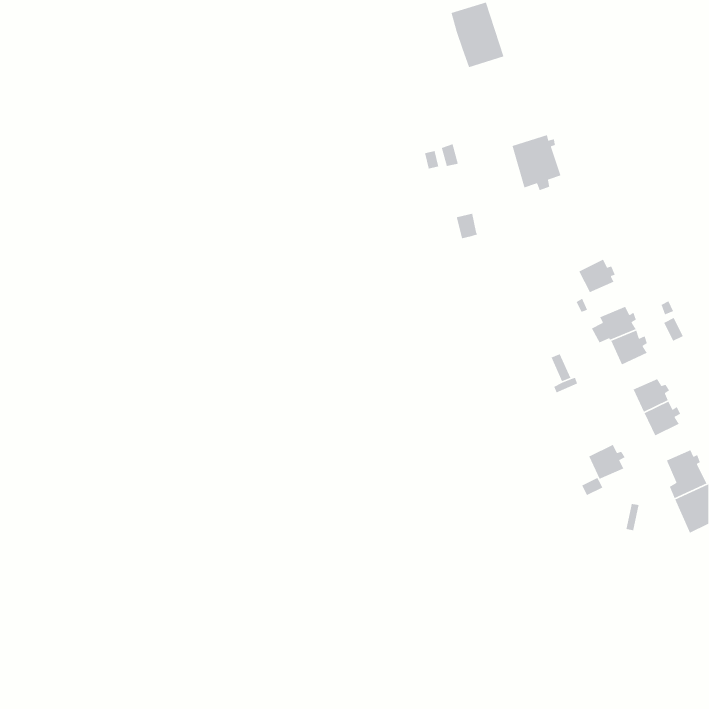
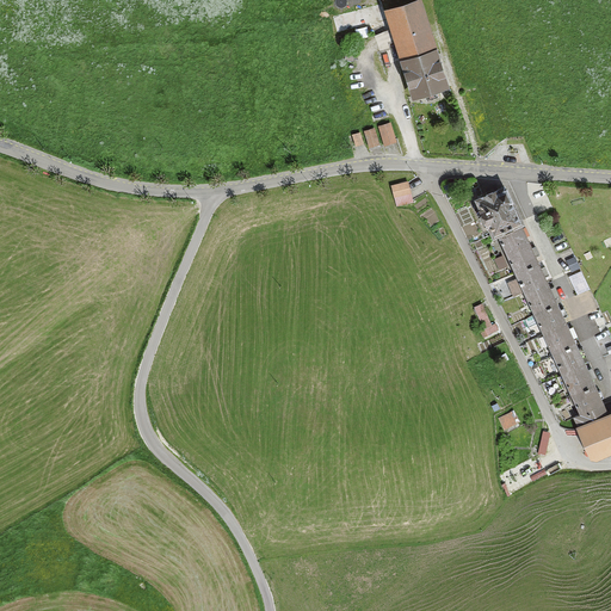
building: [511,134,561,191] -> [402,50,445,99]
building: none -> [477,189,520,235]
building: none -> [506,243,538,273]
building: none -> [533,304,566,335]
building: [588,444,626,480] -> [562,365,594,396]

